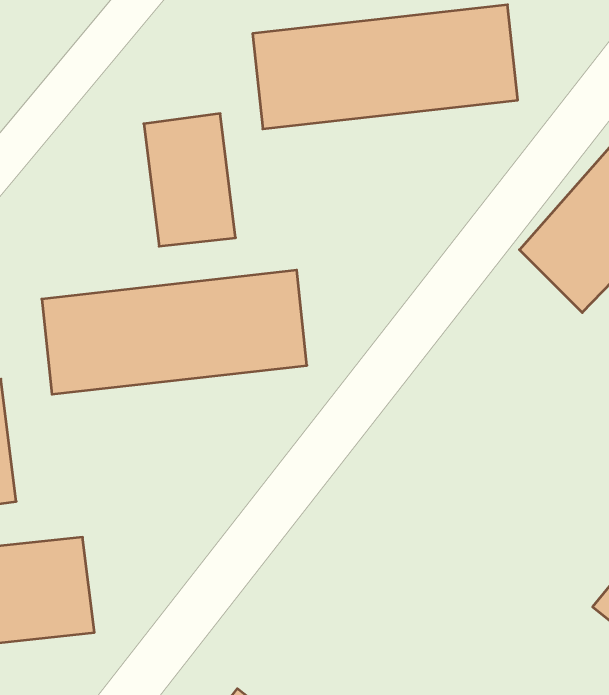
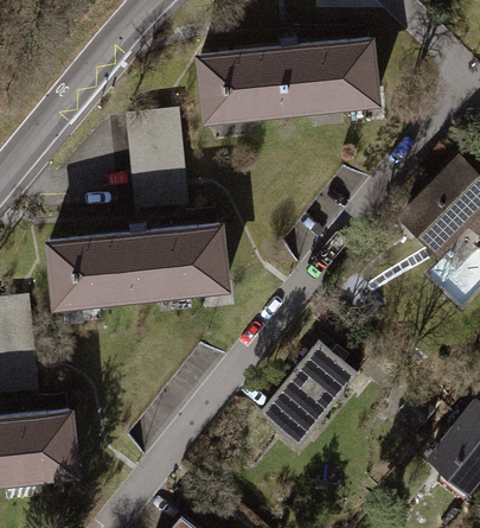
building: none -> [258,345,357,450]

